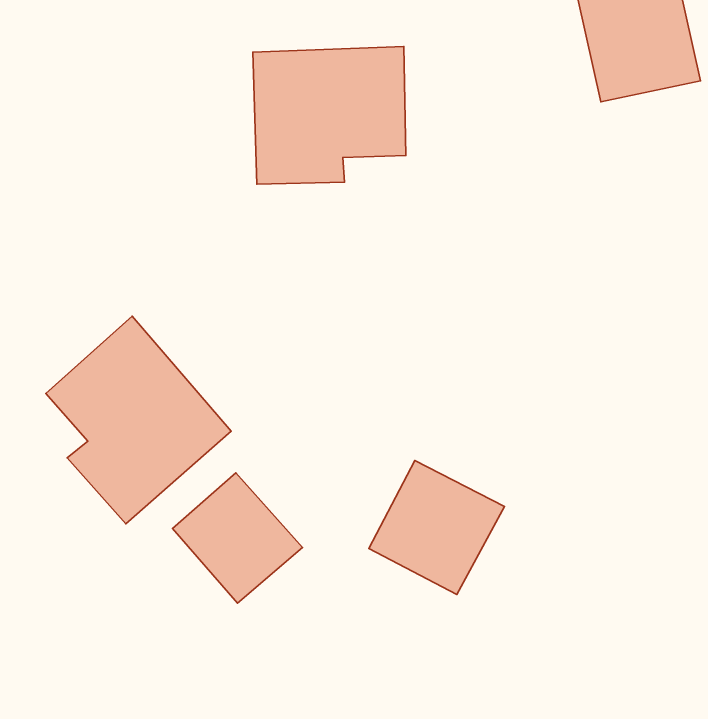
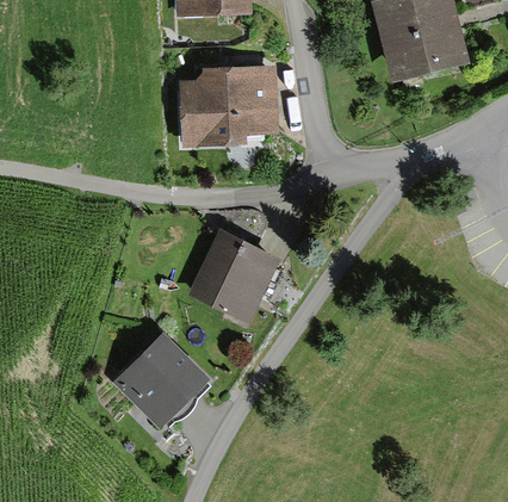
building: [46,316,231,524] -> none
building: [369,461,505,594] -> [193,231,278,315]

